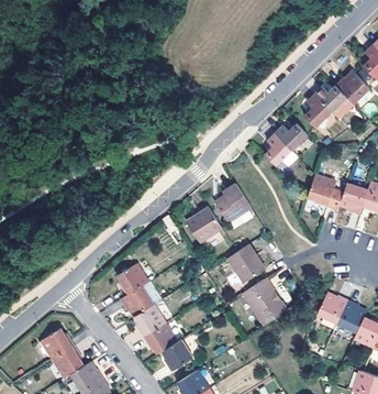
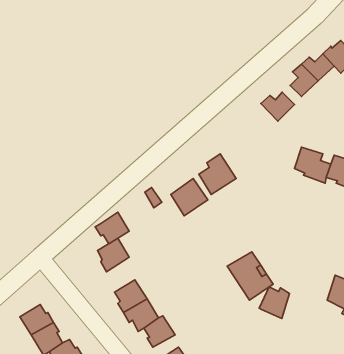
building: [265,132,292,164] -> none
building: [227,243,265,281] -> none
building: [120,286,153,317] -> [95,212,129,244]
building: [319,294,348,325] -> [259,287,290,318]

